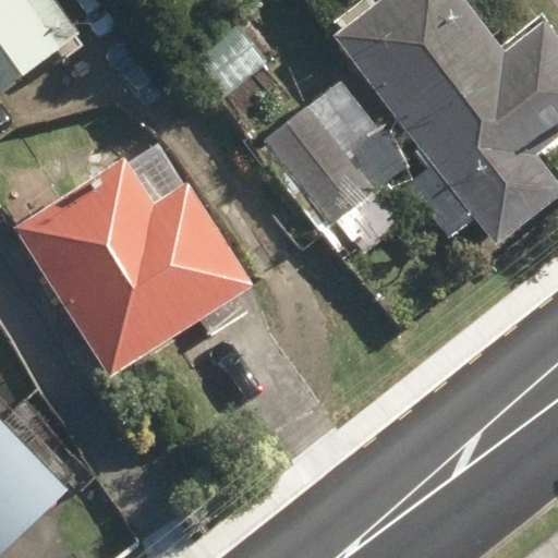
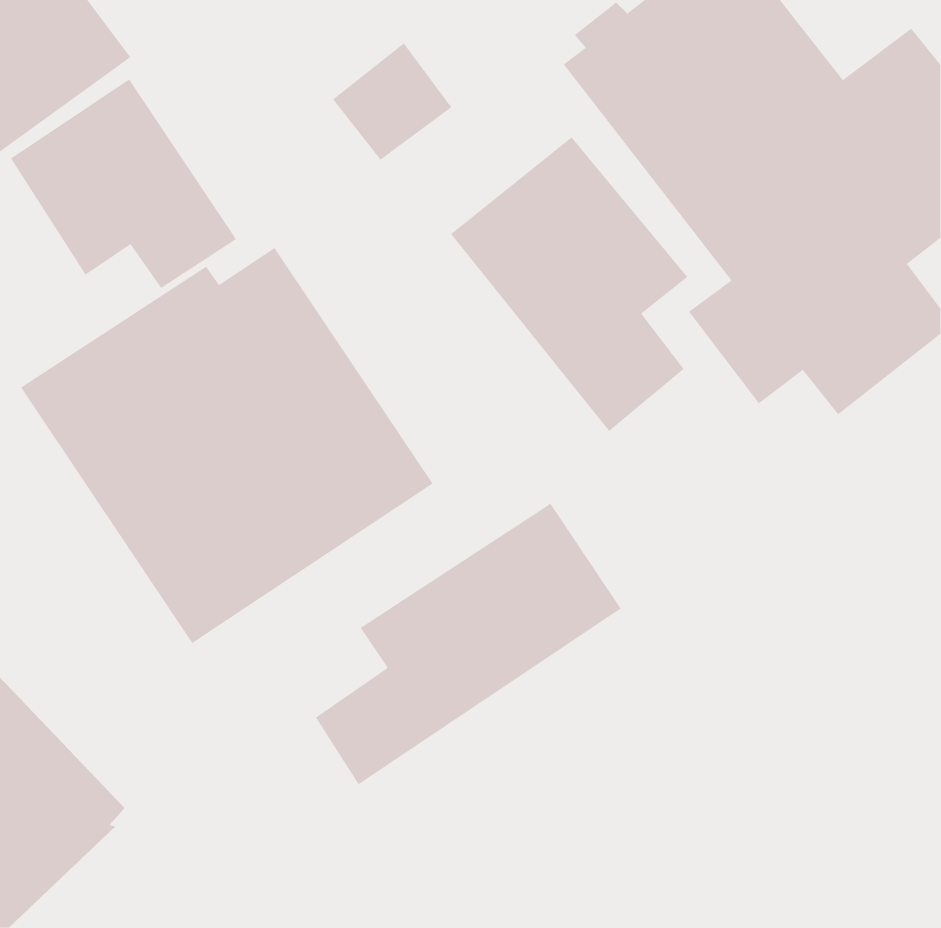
building: none -> [10,79,237,289]
building: none -> [315,503,622,785]

